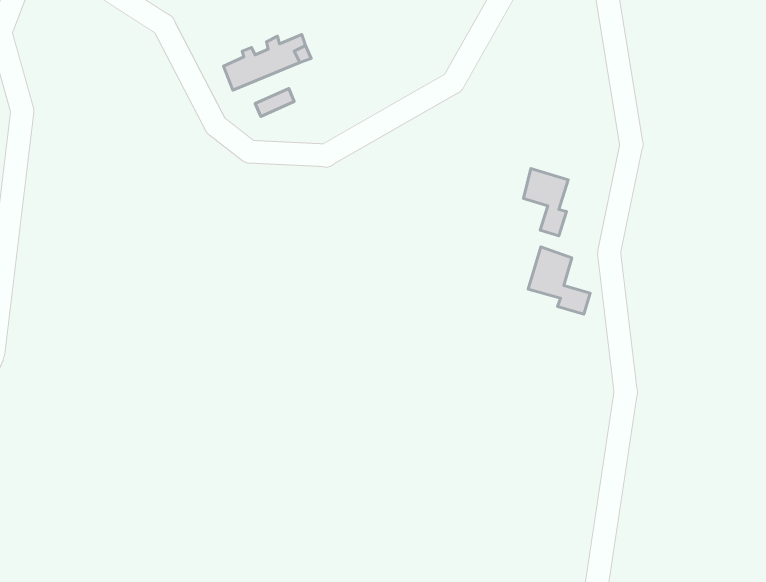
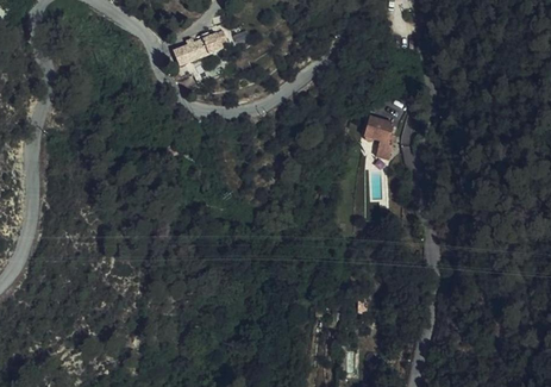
building: [528,247,590,314] -> none

